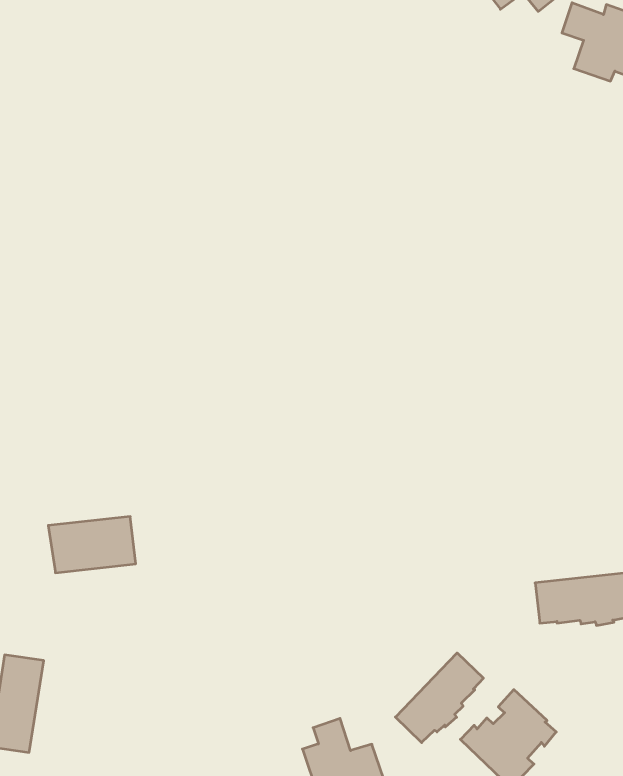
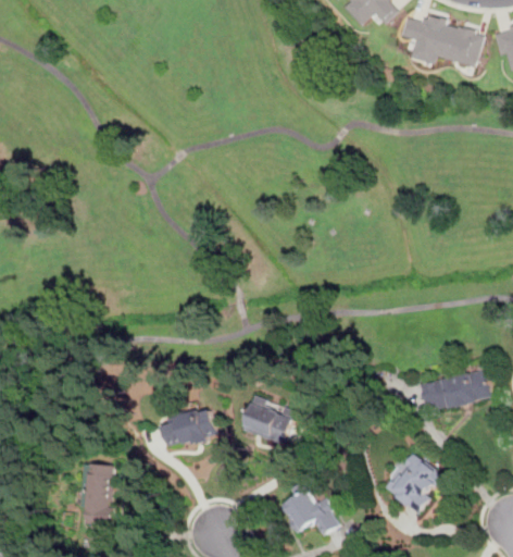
building: [48,517,136,573] -> [159,408,216,448]
building: none -> [240,395,297,446]
building: [395,653,483,743] -> none

